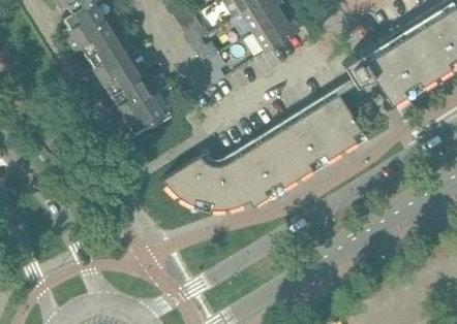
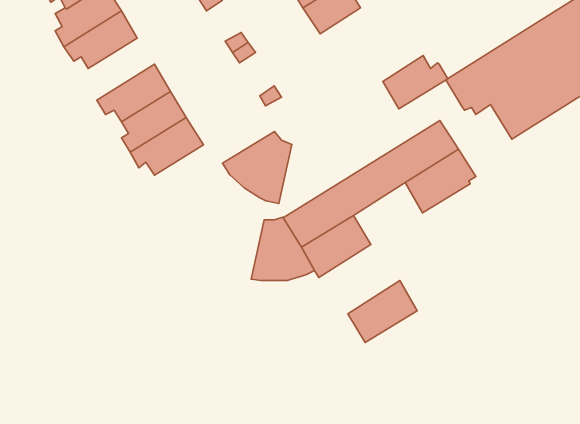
building: [254,13,301,52] -> [383,56,448,109]
building: [88,35,135,79] -> none
building: [278,138,328,183] -> [348,281,417,343]
building: [164,156,214,207] -> [223,131,292,204]

